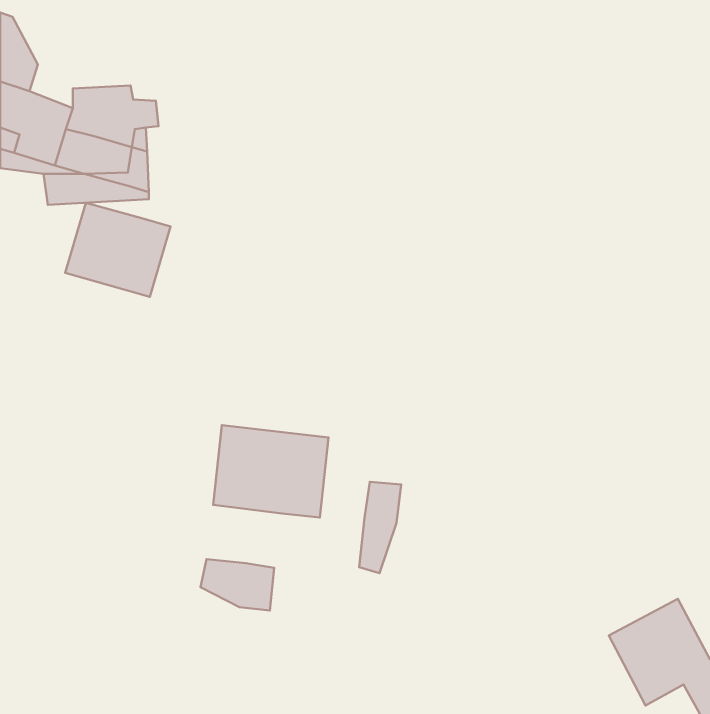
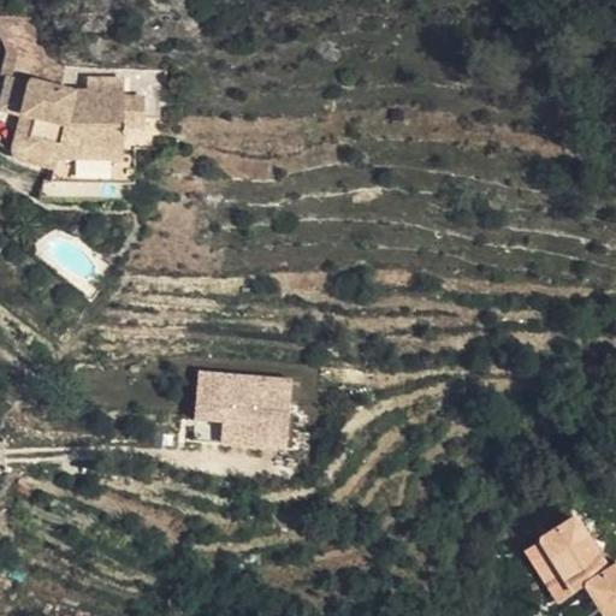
building: [65,203,170,297] -> none
building: [359,482,401,573] -> none
building: [200,559,274,611] -> none

